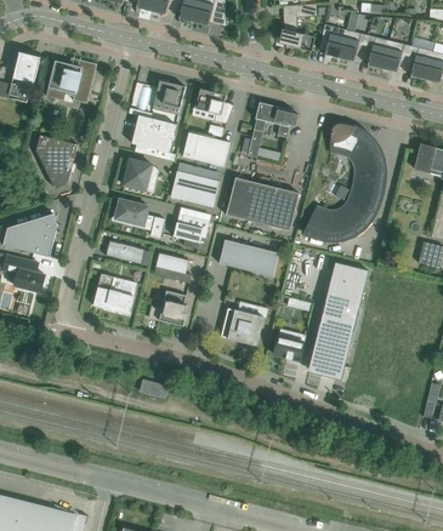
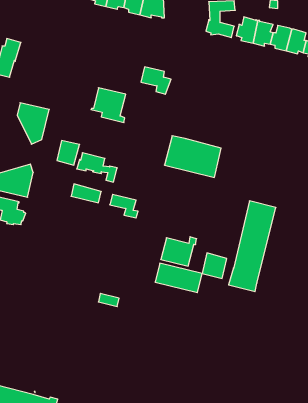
building: [45,59,96,103] -> none
building: [153,78,184,107] -> none
building: [246,102,297,156] -> none
building: [303,122,382,239] -> none
building: [182,131,228,166] -> none
building: [123,159,152,190] -> [57,141,80,165]
building: [170,170,218,206] -> none
building: [172,215,209,242] -> none
building: [217,239,278,276] -> [155,263,202,293]
building: [92,273,136,313] -> none
building: [148,290,186,325] -> none

